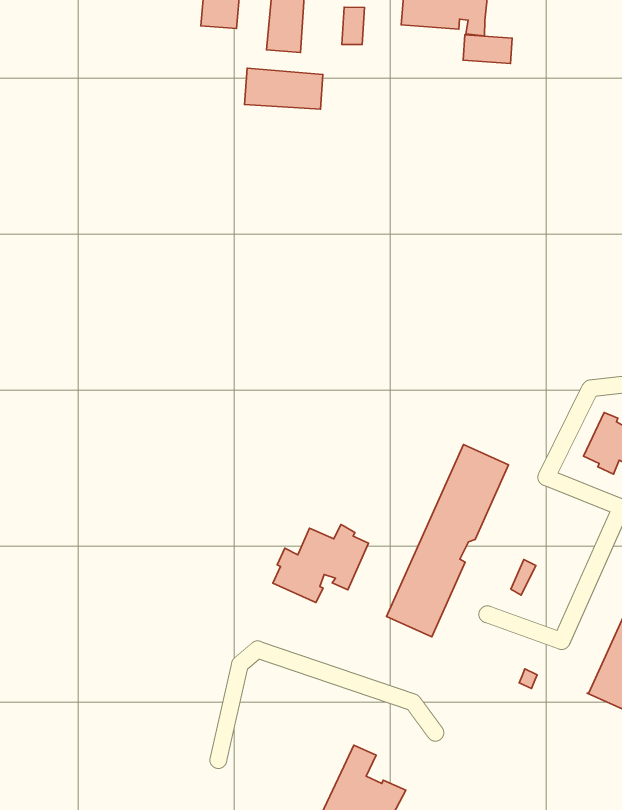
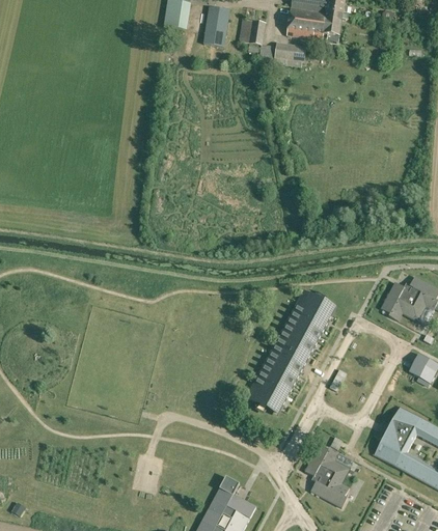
building: [463,35,512,63] -> [274,41,305,61]
building: [244,68,323,109] -> none
building: [273,525,369,602] -> none
building: none -> [304,444,352,506]

